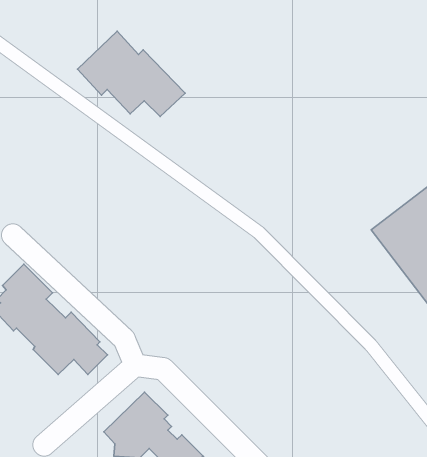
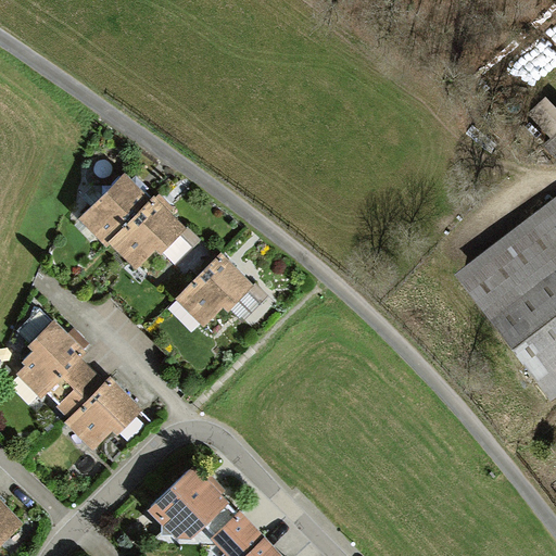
building: [77,31,185,117] -> [76,167,202,267]
building: none -> [176,253,265,324]

